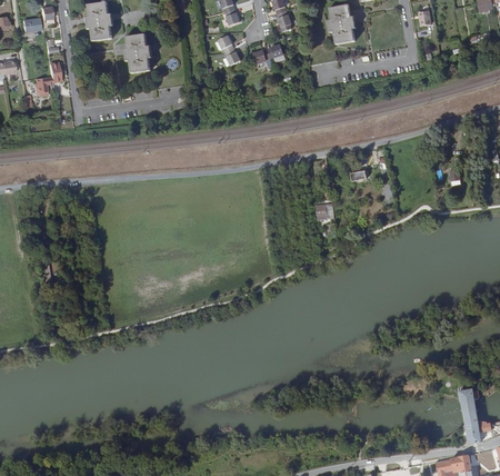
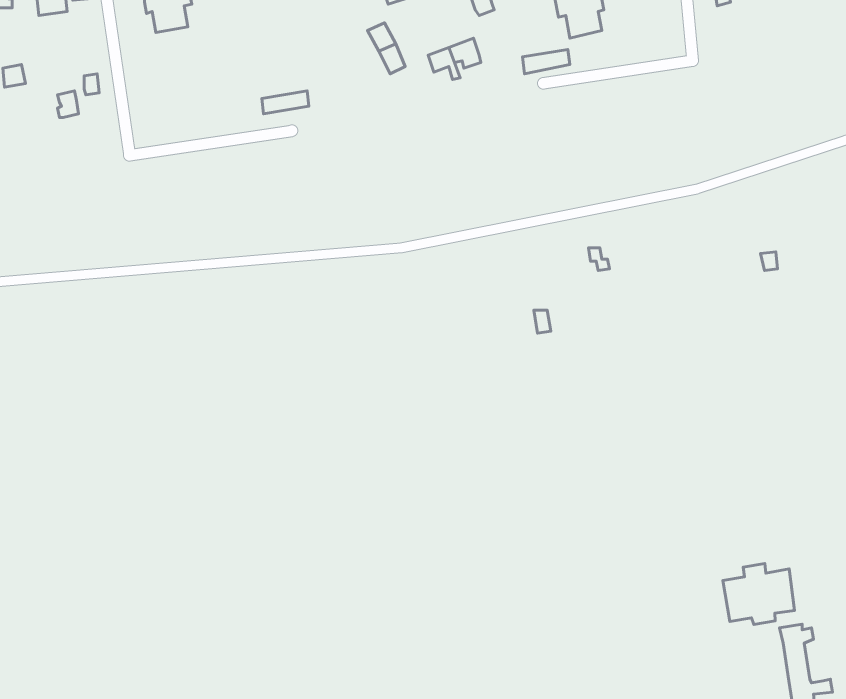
building: [123,32,152,72] -> none
building: none -> [723,563,795,624]

